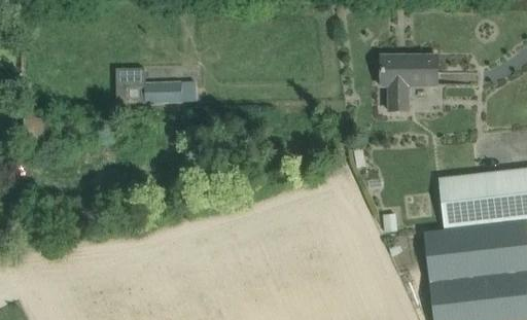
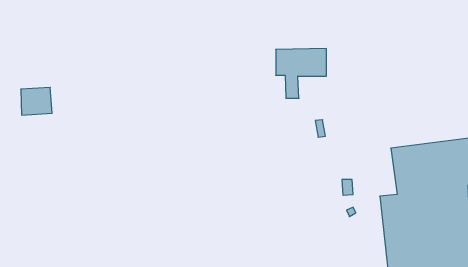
building: [382,54,438,109] -> [276,49,326,98]
building: [116,66,195,103] -> none

